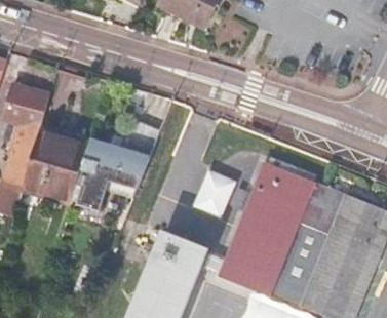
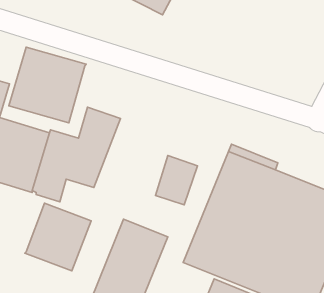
building: none -> [9,47,86,123]
building: none -> [25,203,91,271]

